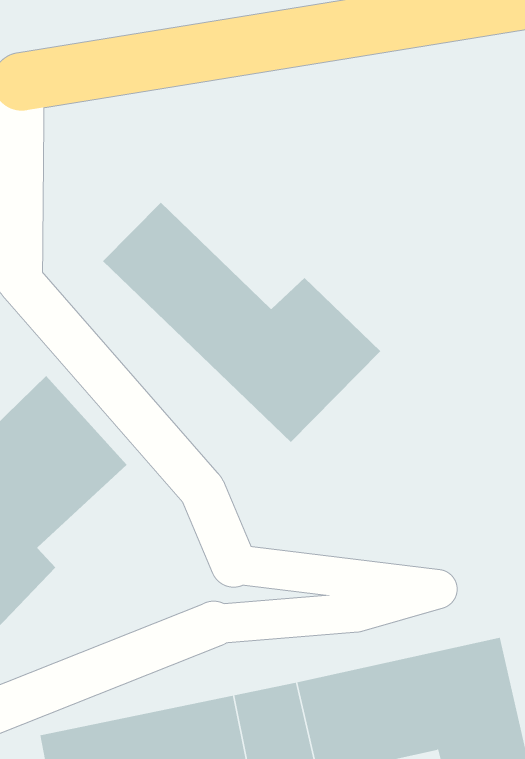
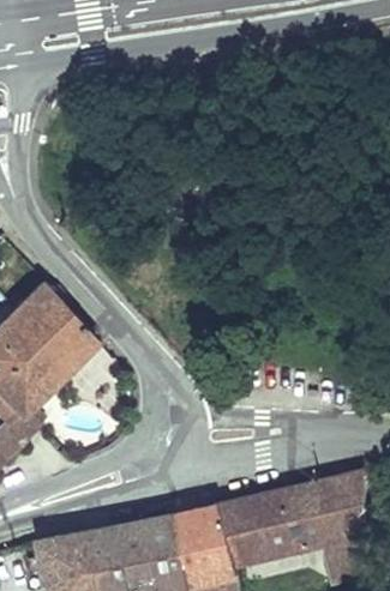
building: [102,202,381,443] -> none

